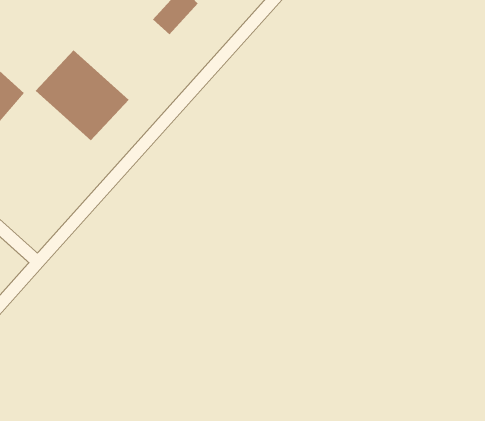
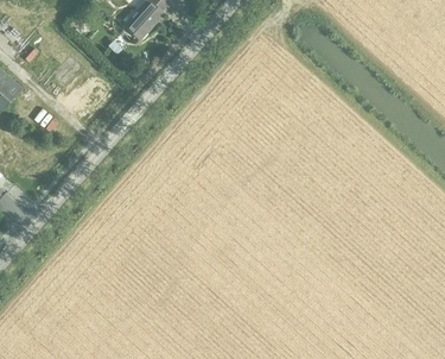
building: [35,50,129,141] -> none

